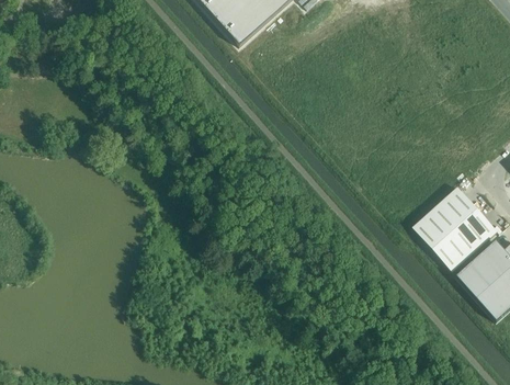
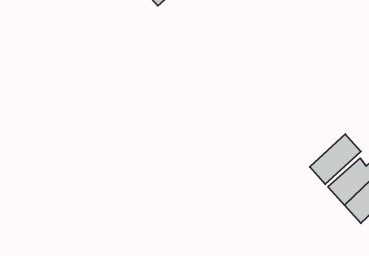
building: [413,184,478,248] -> none

